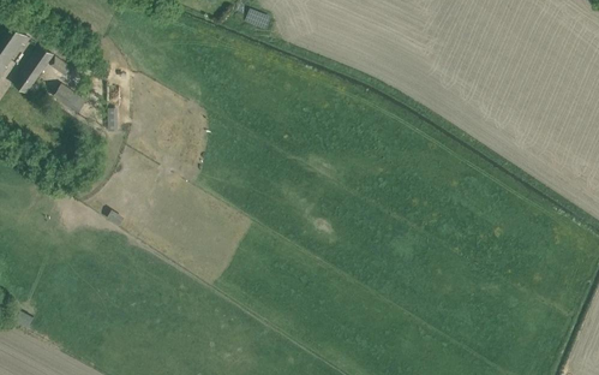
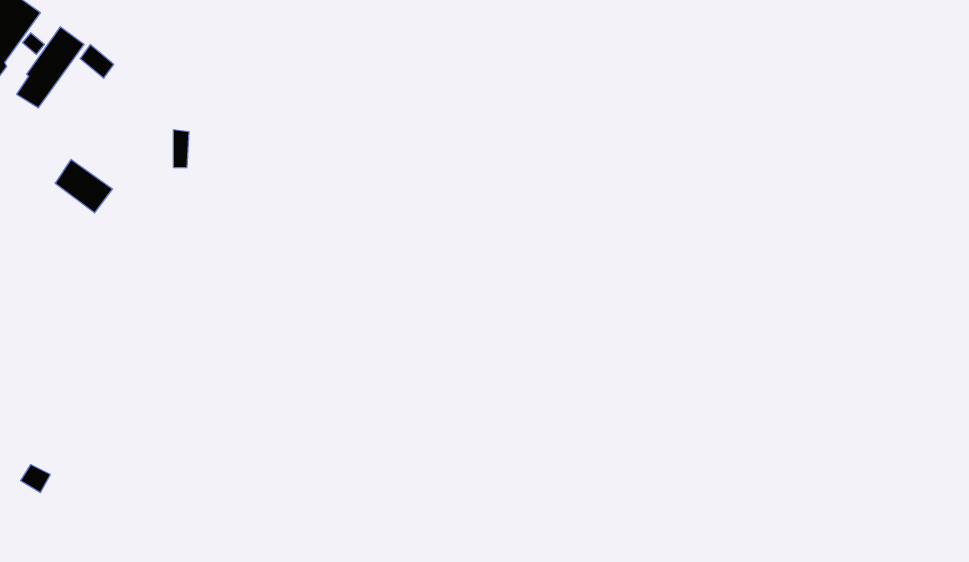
building: [50,83,85,115] -> [55,159,113,213]

